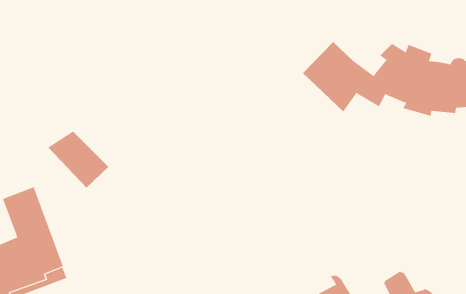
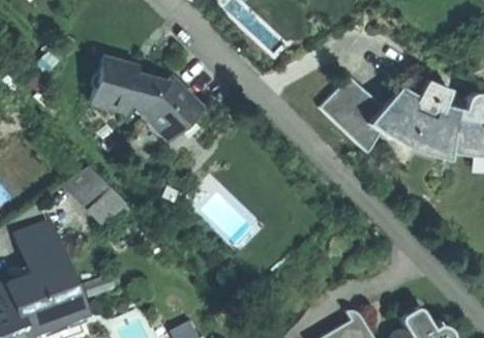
building: none -> [89,57,200,141]

